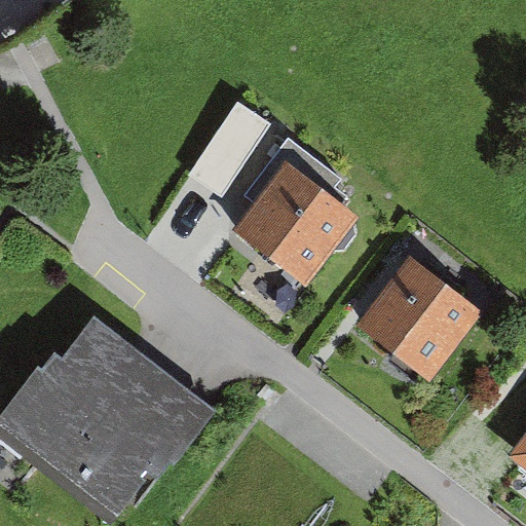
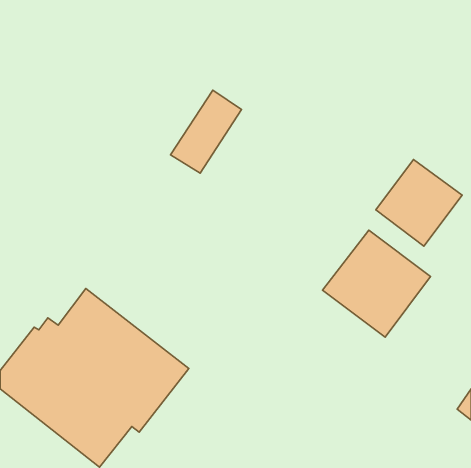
building: [234,138,358,285] -> none
building: none -> [376,160,462,246]

